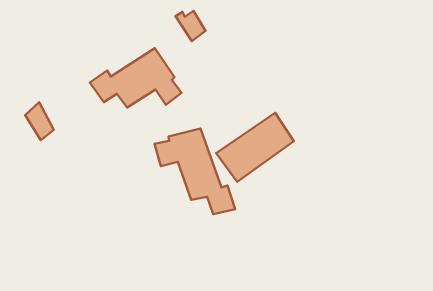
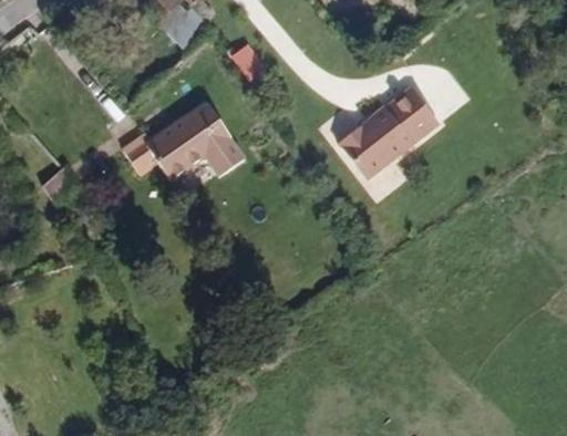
building: [216,113,294,182] -> [340,94,440,183]
building: [155,129,235,214] -> none

